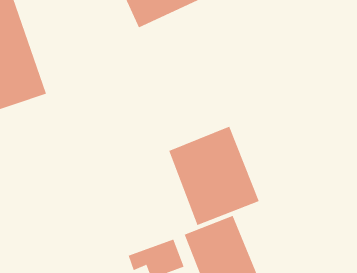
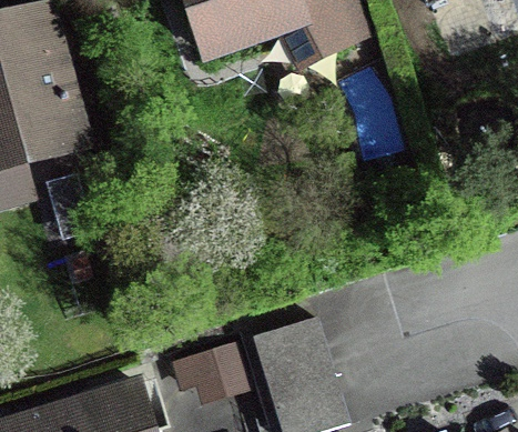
building: [169,126,260,226] -> none

